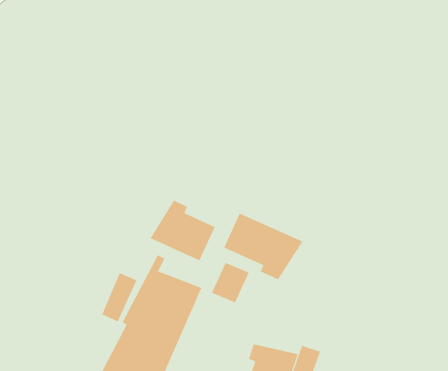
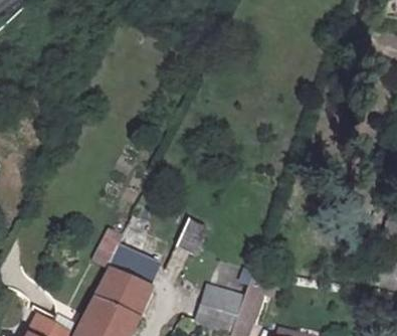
building: [150,200,216,261] -> none
building: [224,213,303,280] -> none

